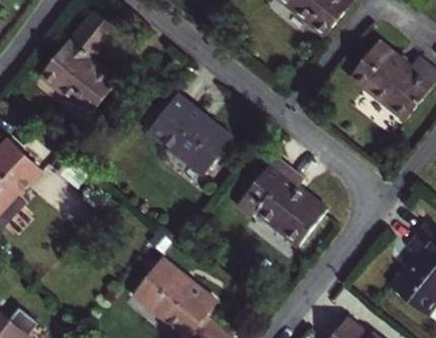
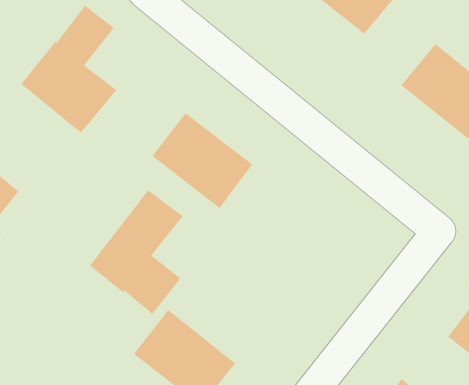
building: [238,156,326,248] -> none
building: none -> [89,189,183,315]

